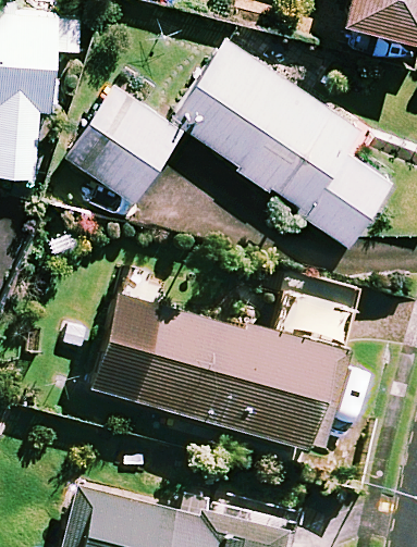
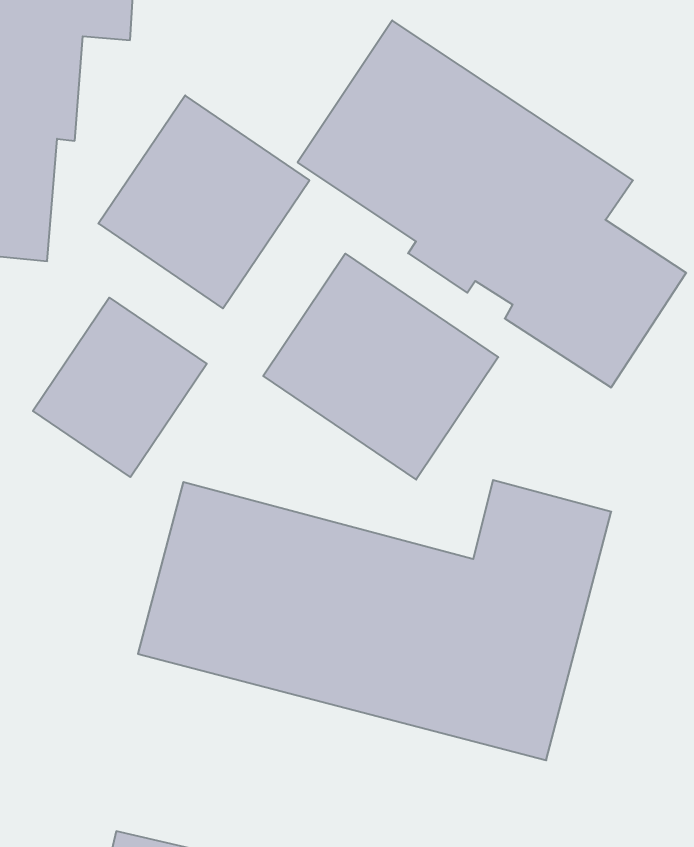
building: none -> [263,254,498,480]
building: none -> [33,298,207,477]

